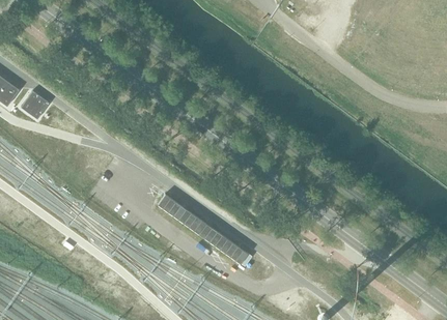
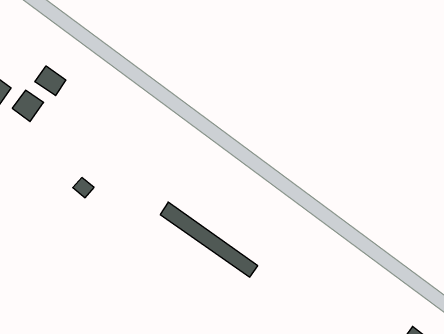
building: none -> [35,66,66,96]

